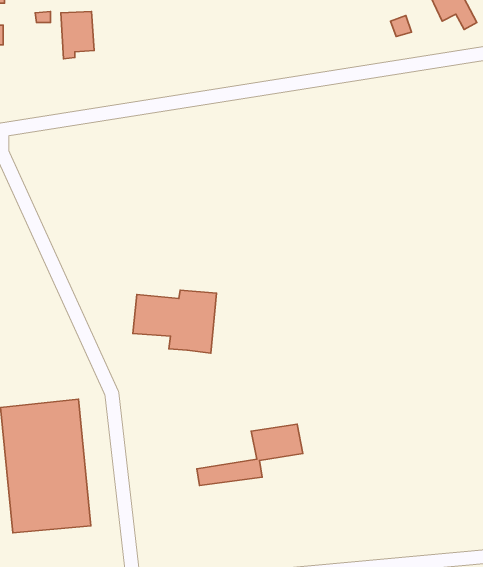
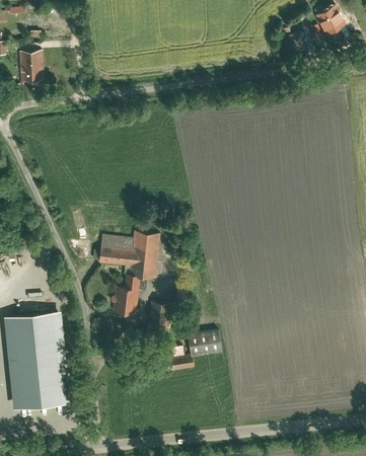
building: [61,11,94,59] -> [19,51,44,85]
building: none -> [113,275,139,313]

